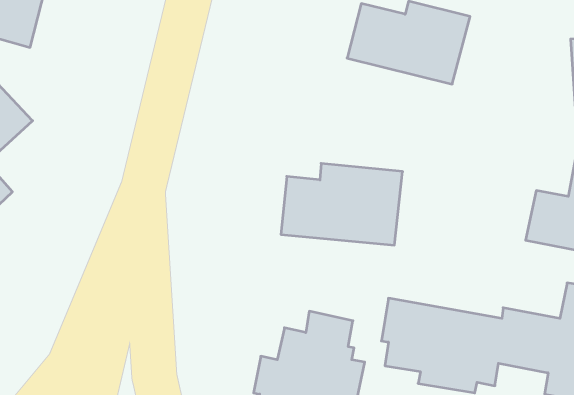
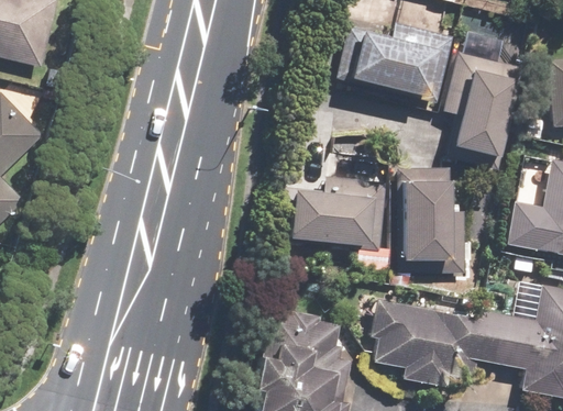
building: none -> [445,52,519,169]
building: none -> [396,166,467,276]

